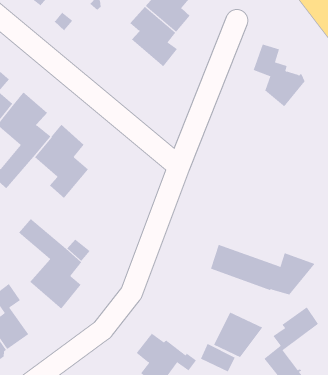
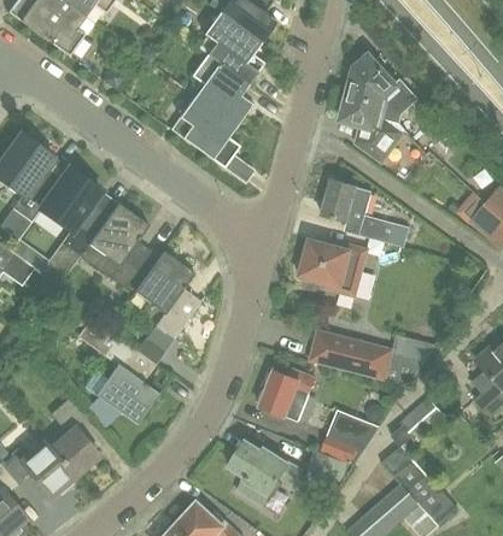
building: none -> [350,54,414,120]
building: none -> [169,94,238,166]
building: none -> [321,181,408,246]
building: none -> [133,249,200,338]
building: none -> [297,240,367,296]
building: none -> [259,370,314,422]

